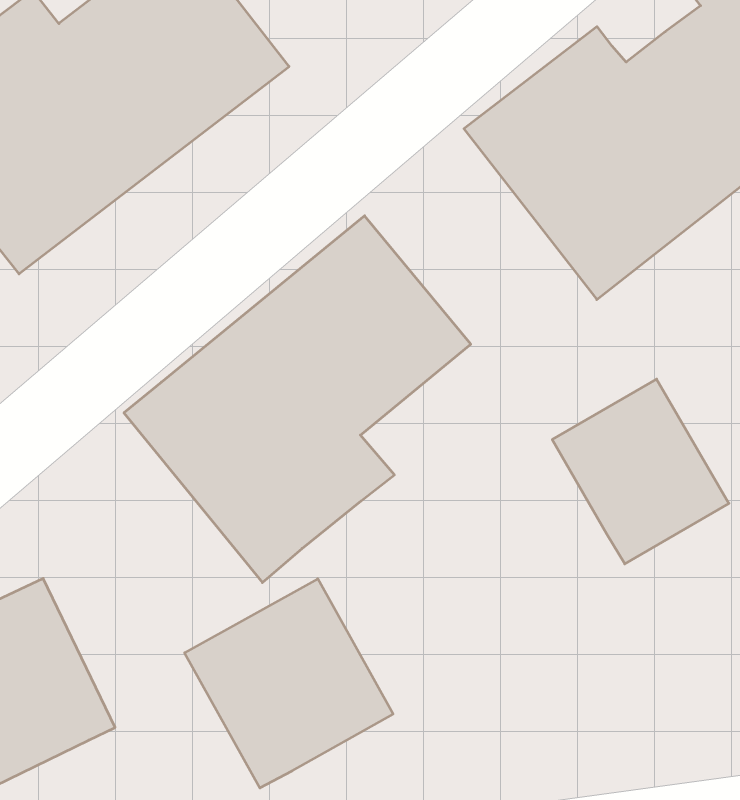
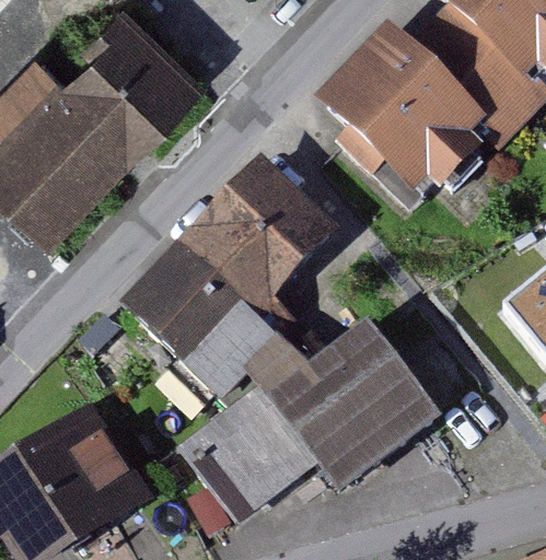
building: [552,379,729,564] -> none
building: none -> [244,330,433,491]

